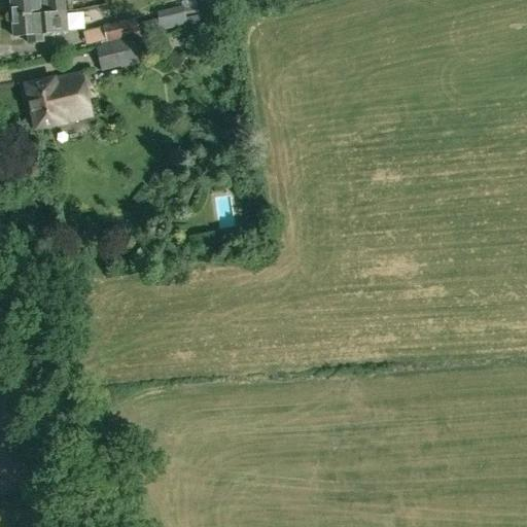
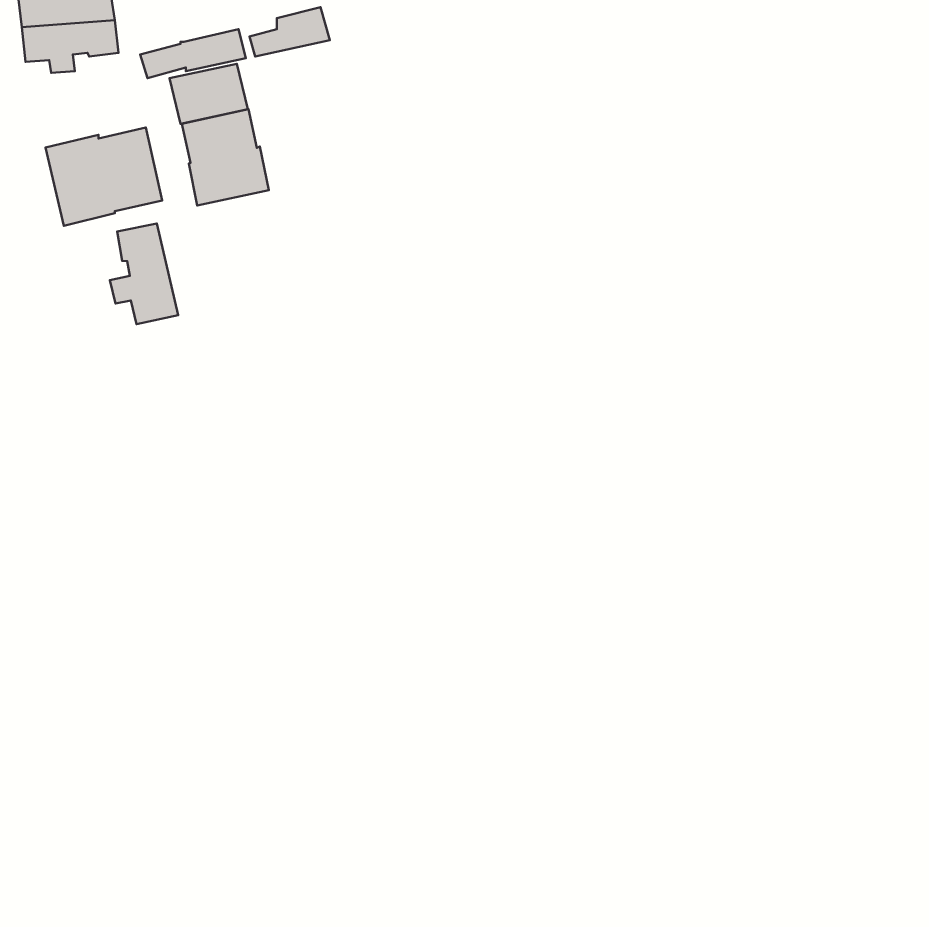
building: none -> [182,109,269,206]
building: none -> [110,223,178,324]

